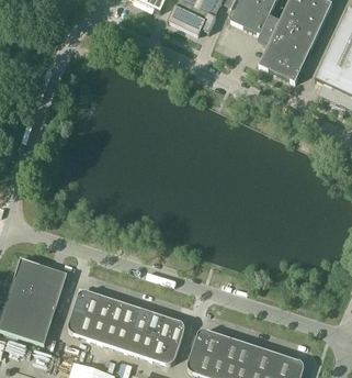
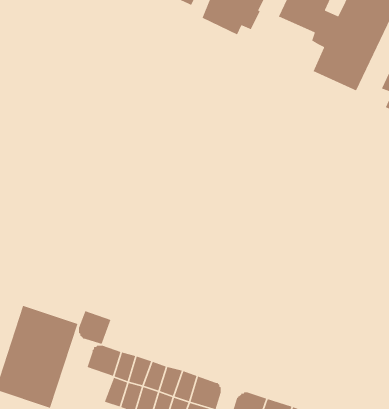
building: [68,309,95,337] -> [78,310,112,345]

